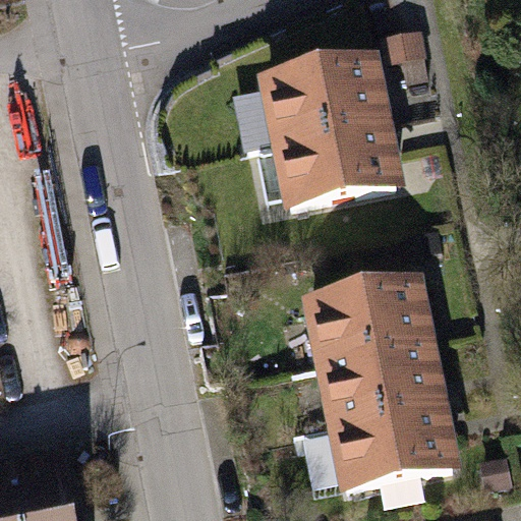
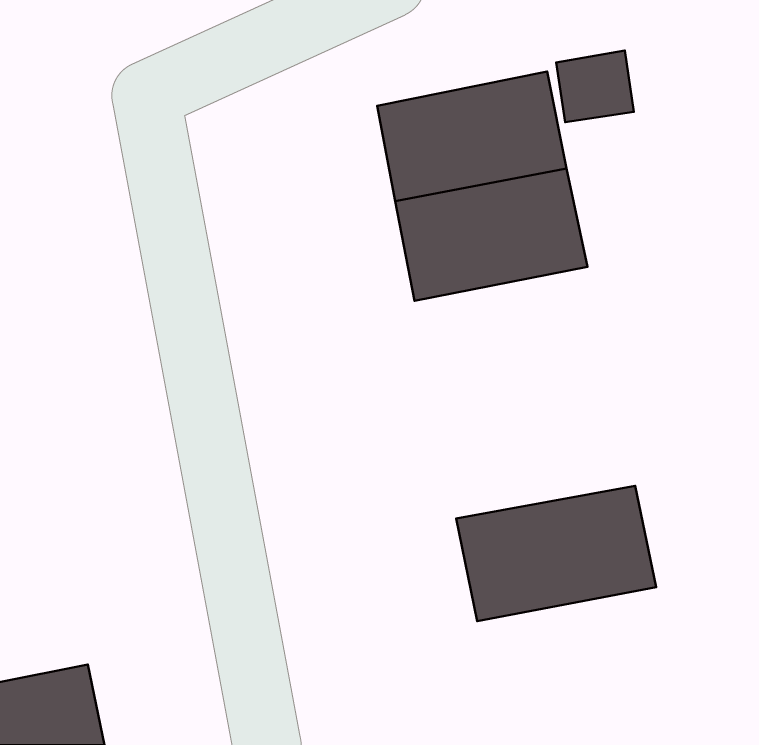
building: [299,271,433,354] -> none
building: [326,401,460,483] -> none

